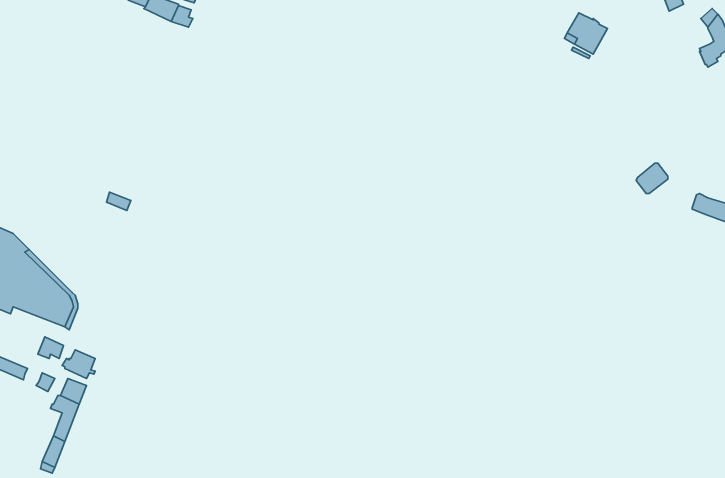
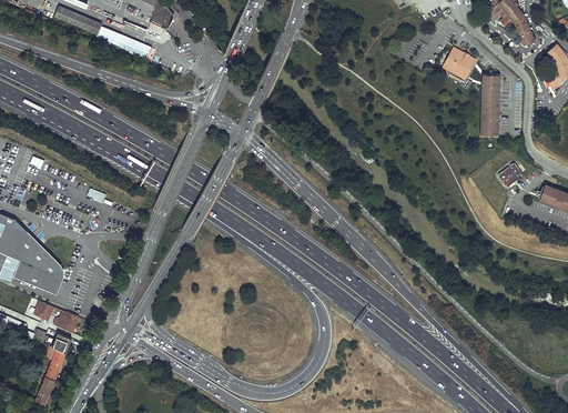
building: none -> [480,77,499,138]

